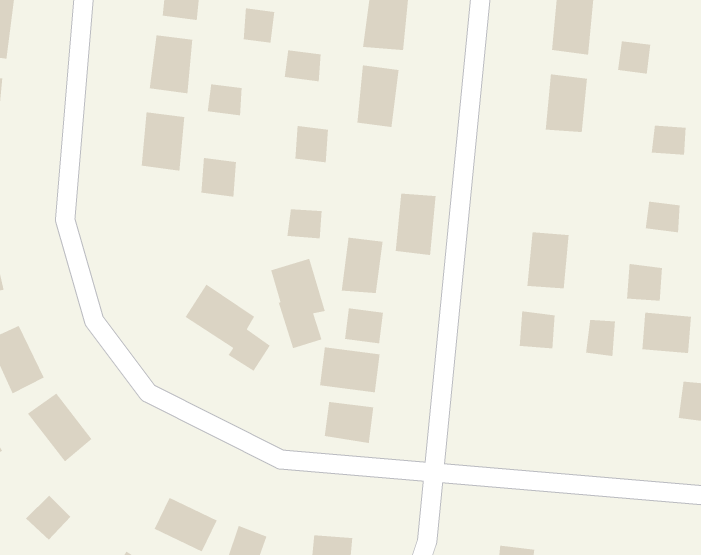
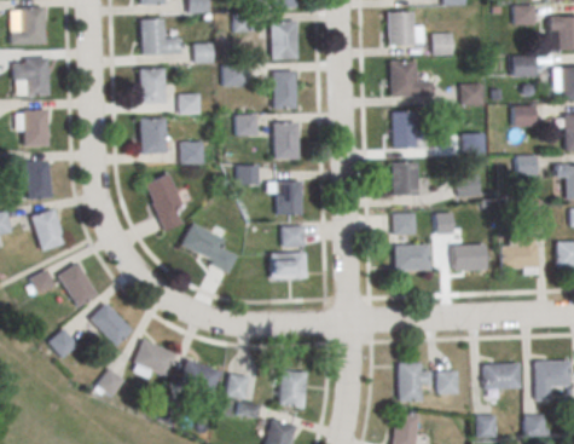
building: none -> [393,111,418,148]
building: [395,193,436,256] -> [274,121,298,160]
building: [270,258,326,349] -> [145,172,184,231]
building: [642,312,692,354] -> [454,244,486,270]
building: none -> [394,243,431,269]
building: [324,401,374,444] -> none
building: none -> [134,340,175,375]

